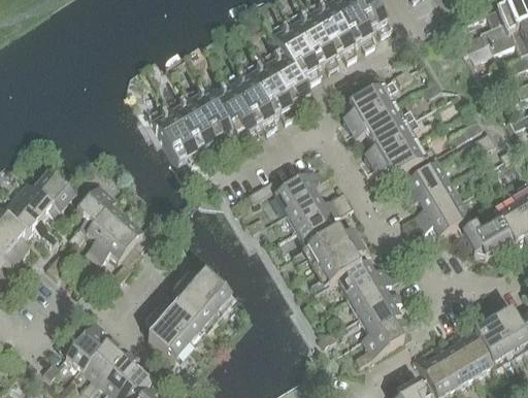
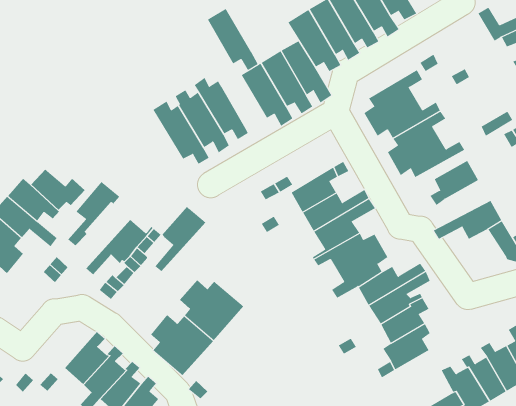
building: [211,85,259,142] -> [207,8,259,71]
building: [402,181,460,228] -> none
building: [79,202,127,263] -> [155,206,206,272]

